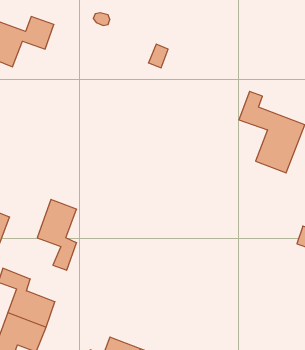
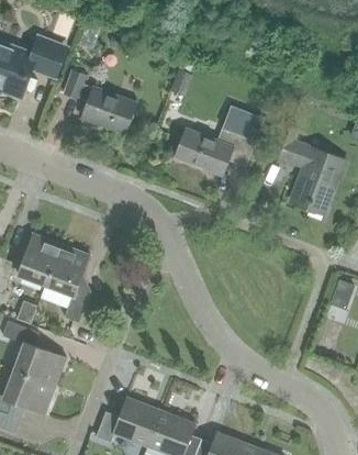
building: none -> [64,70,135,137]
building: none -> [178,107,264,175]
building: none -> [18,233,61,287]

